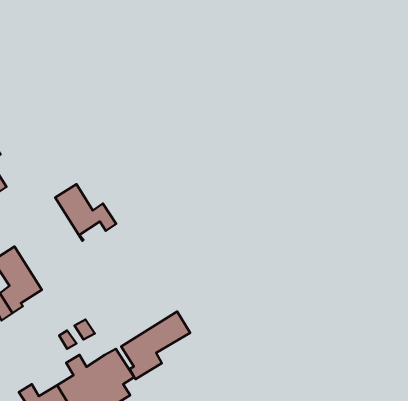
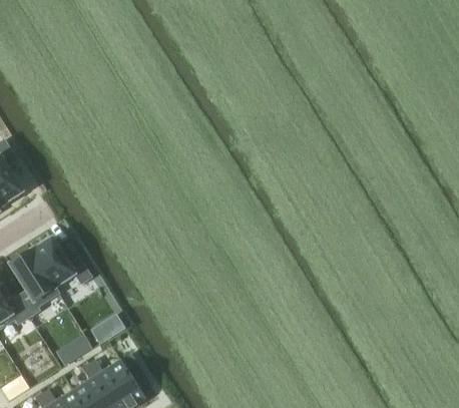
building: [55,184,116,241] -> [30,239,90,295]
building: [121,311,190,379] -> none

